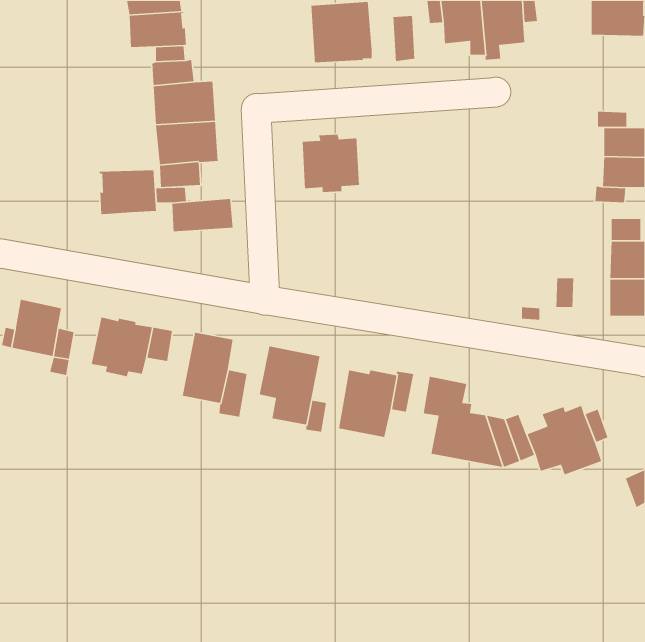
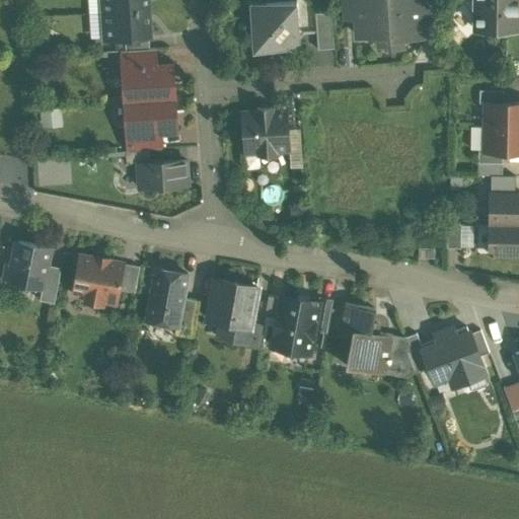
building: [99,170,157,215] -> none

